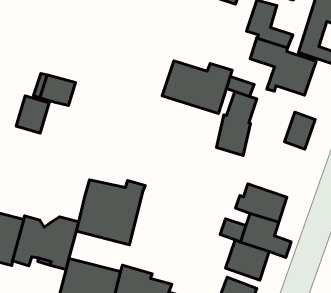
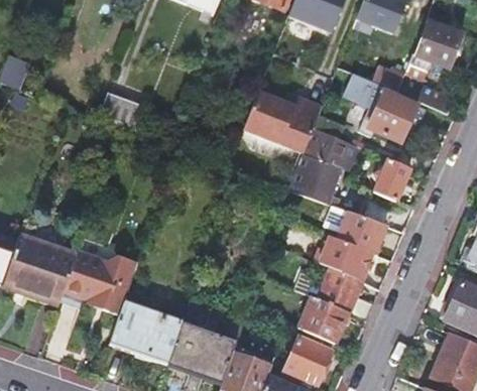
building: [16,96,49,133] -> none
building: none -> [337,211,385,253]
building: [77,180,145,245] -> none

